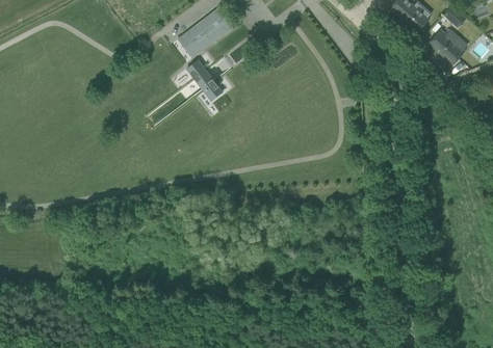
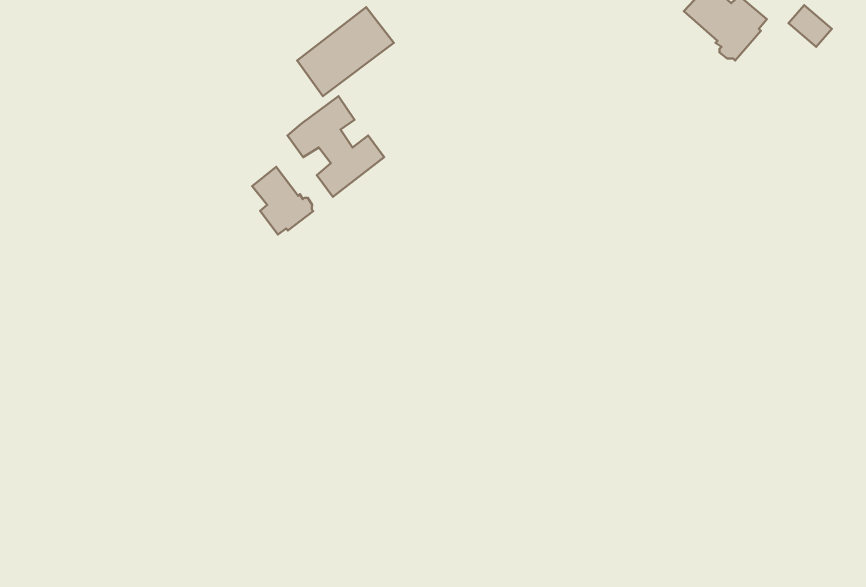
building: [426,29,465,66] -> none
building: none -> [252,167,313,234]

